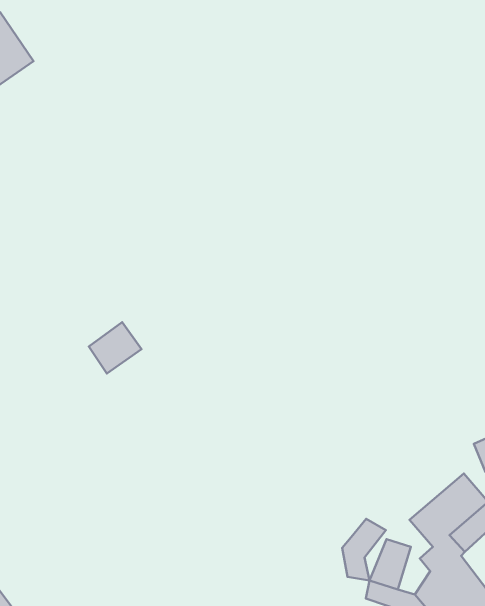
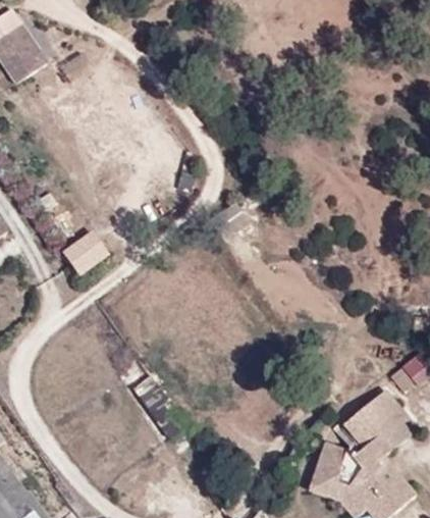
building: [89,322,142,374] -> [62,232,104,273]
building: [342,519,386,580] -> none

